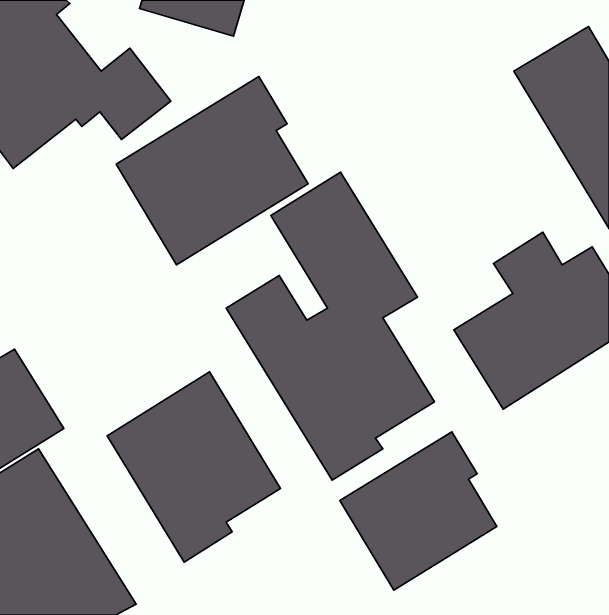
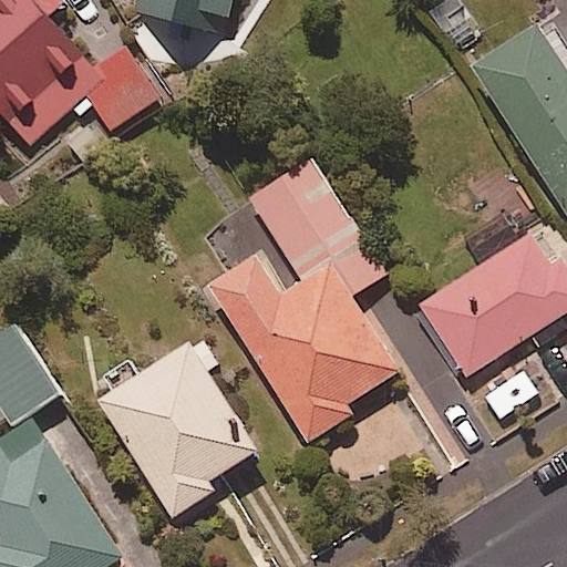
building: [116,76,308,265] -> none
building: [340,432,497,590] -> none

